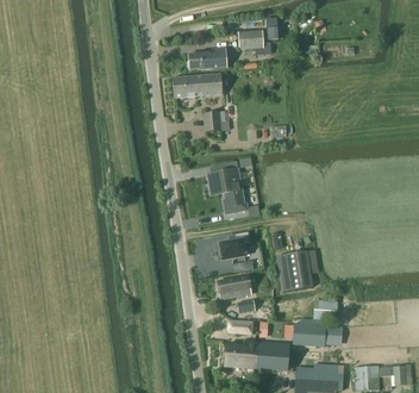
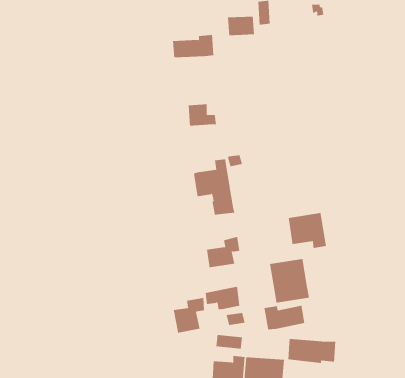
building: [173,73,223,96] -> none
building: none -> [288,212,327,249]
building: none -> [173,297,205,334]
building: none -> [264,305,305,330]

